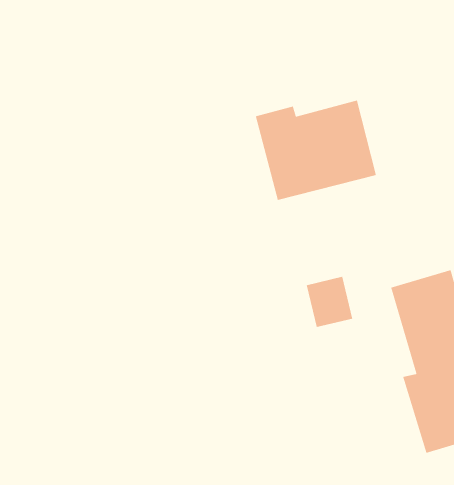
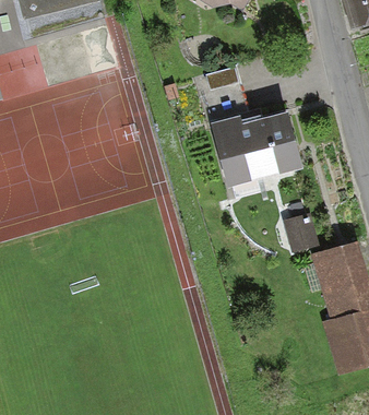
building: [306,276,353,328] -> [286,212,321,250]

